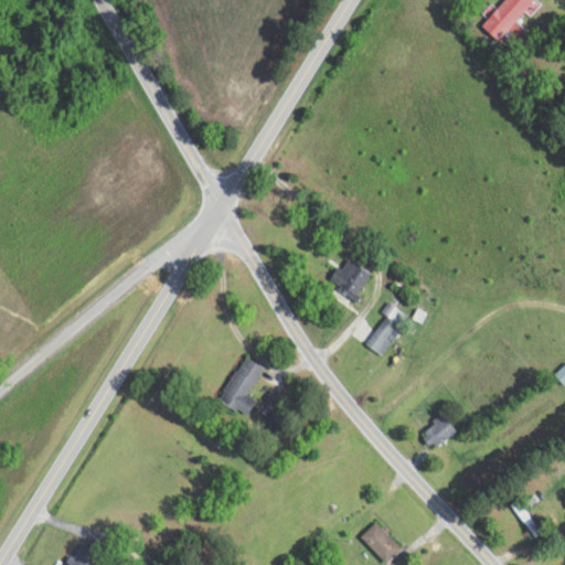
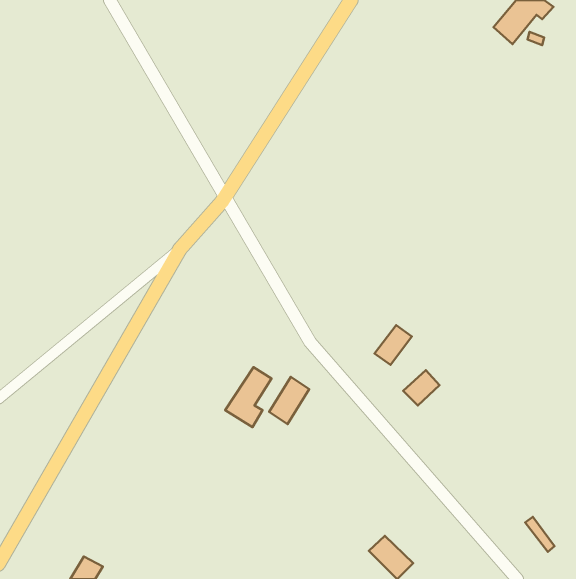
building: [329,257,370,298] -> none
building: none -> [269,377,309,424]
building: [422,415,457,449] -> [403,370,439,405]

